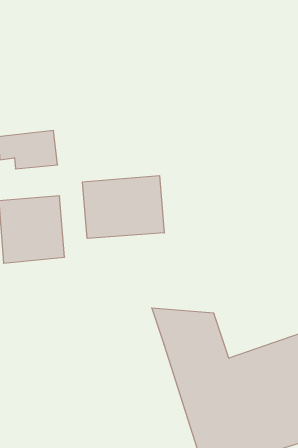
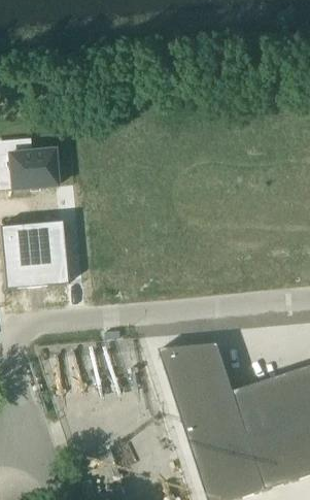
building: [83,176,164,238] -> none

